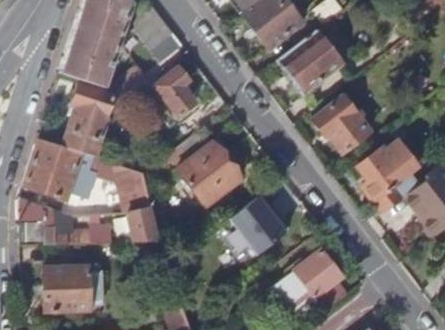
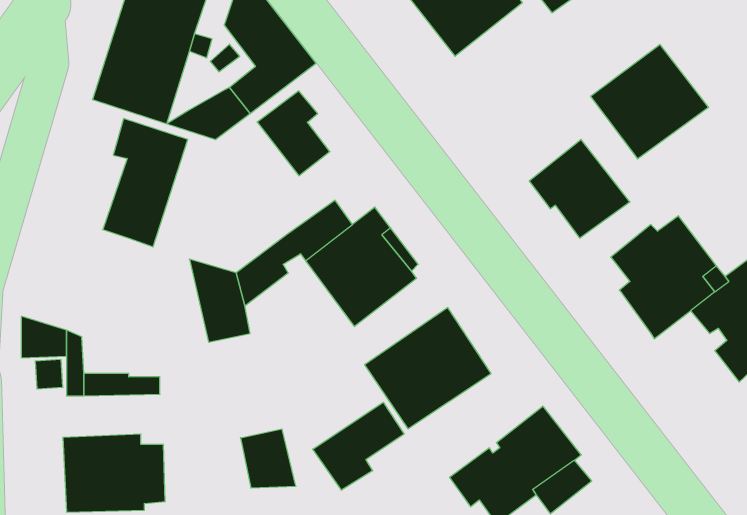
building: [277,29,345,95] -> [591,45,709,159]
building: [23,140,96,200] -> none
building: [127,208,159,242] -> [240,429,296,488]
building: none -> [313,402,404,490]

